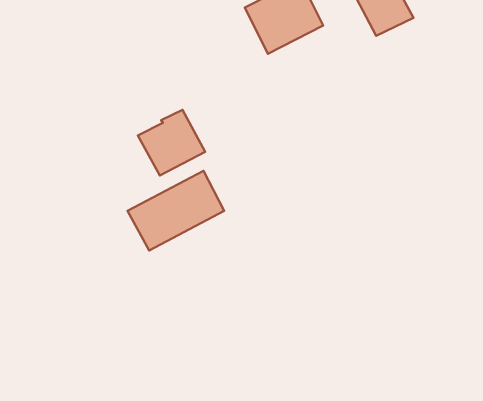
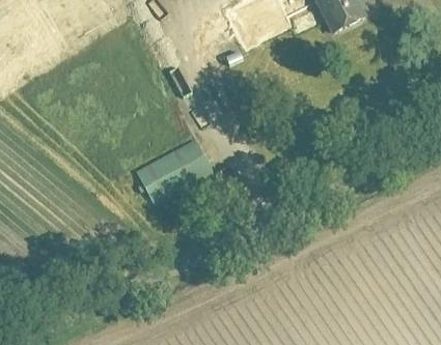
building: [138,110,205,175] -> none

